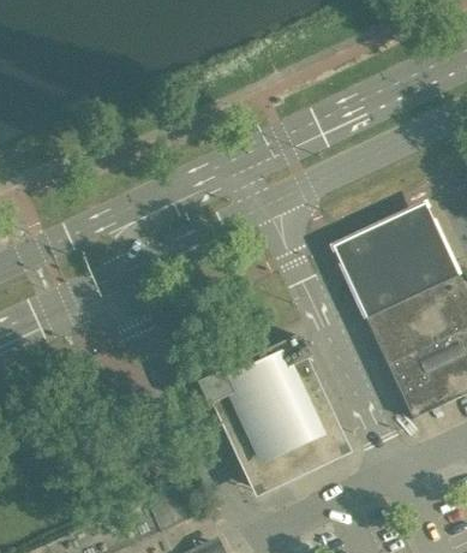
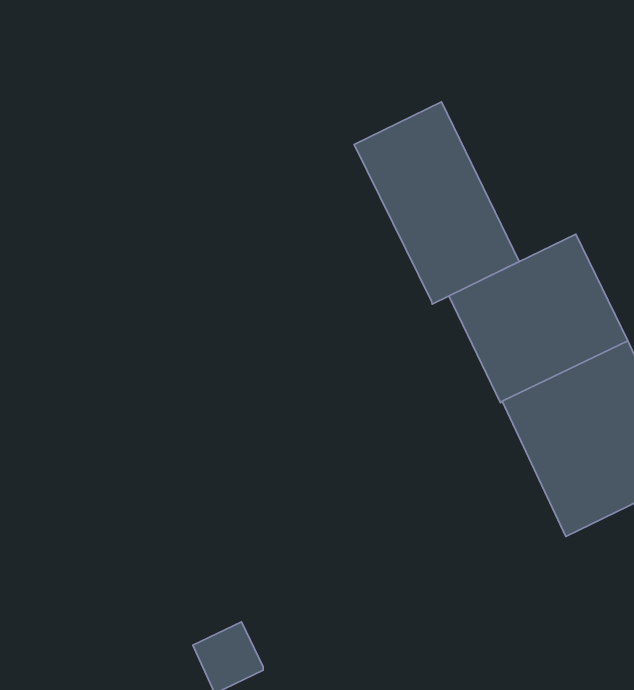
building: none -> [354,102,519,304]
building: [197,333,342,487] -> none

